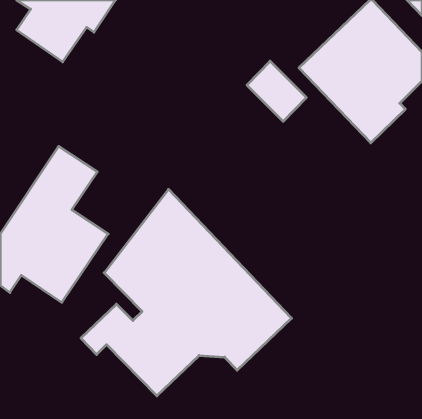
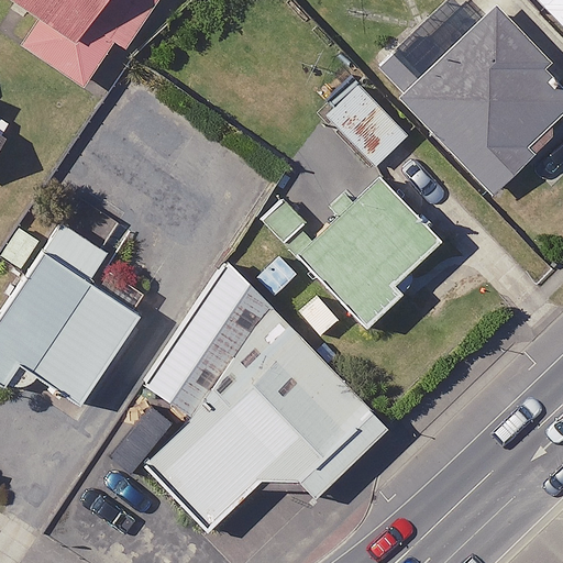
building: none -> [258,146,441,328]

